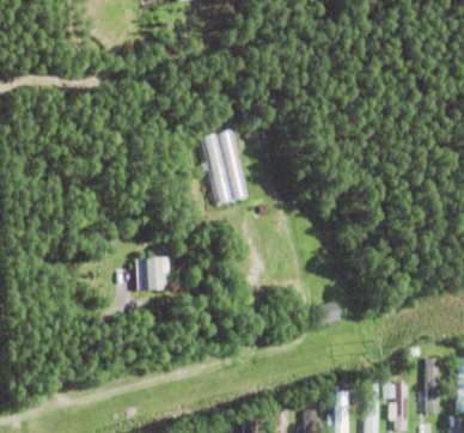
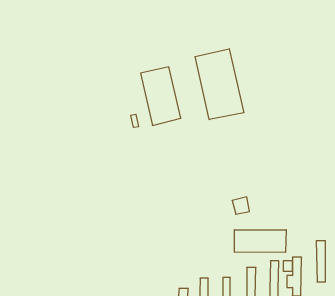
building: none -> [195,49,244,120]
building: [135,254,170,289] -> none
building: none -> [234,230,286,252]

